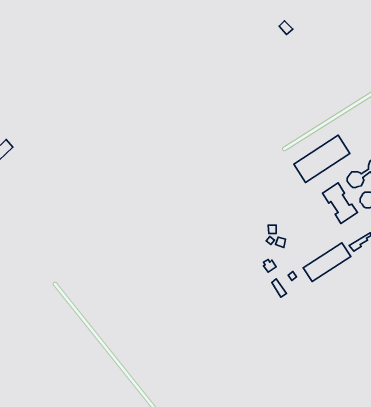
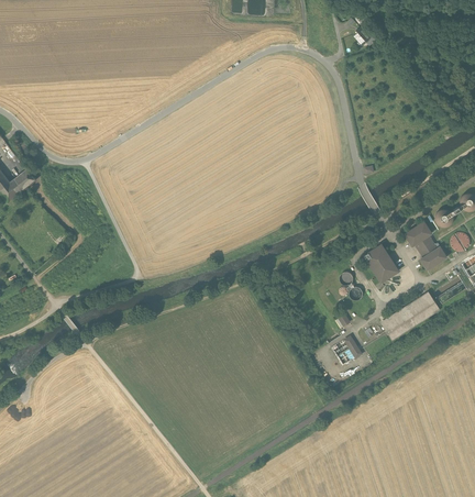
building: [294,135,350,182] -> none
building: none -> [364,244,398,281]

